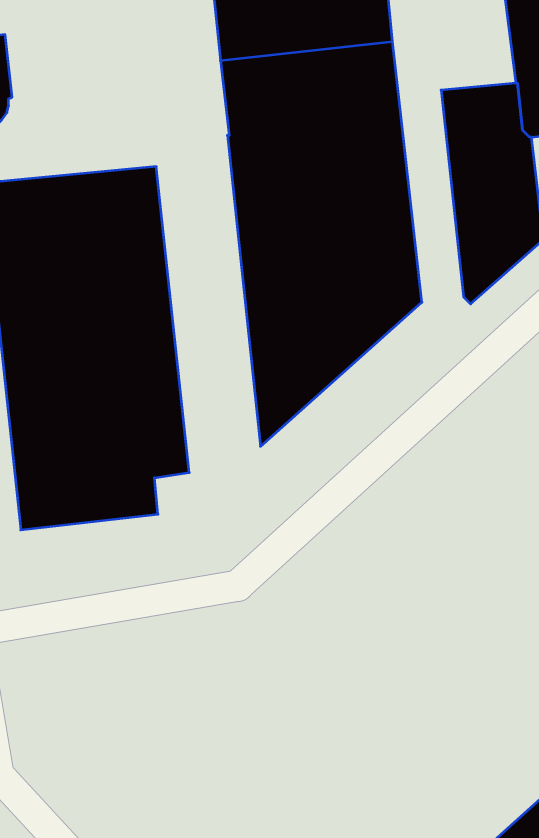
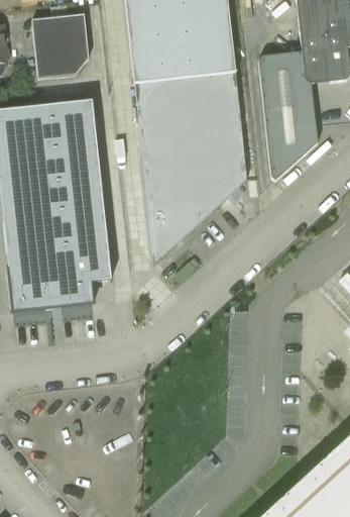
building: none -> [31,13,88,77]

